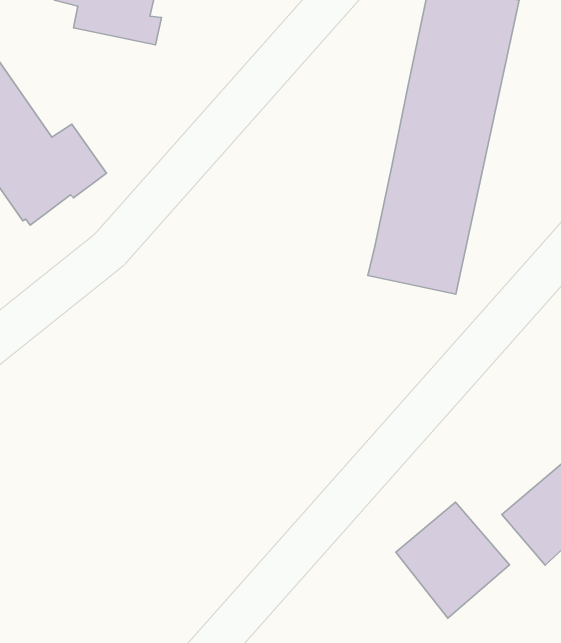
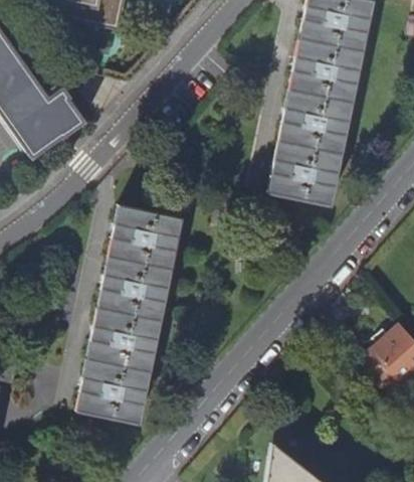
building: none -> [76,205,181,424]
building: [396,502,510,618] -> none

